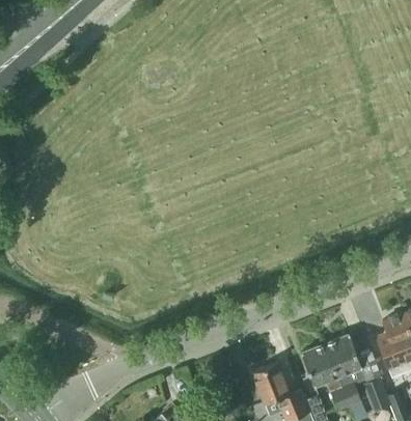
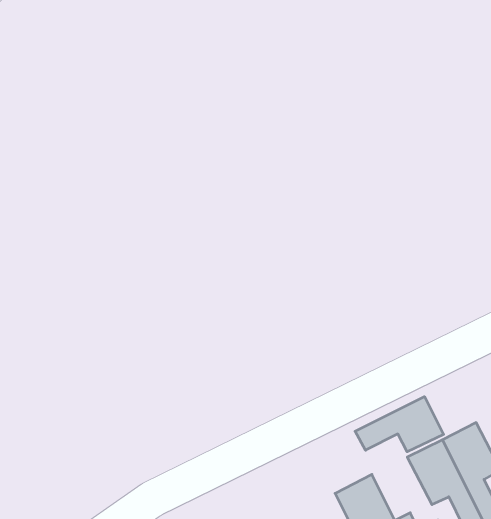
building: none -> [355,397,444,452]

